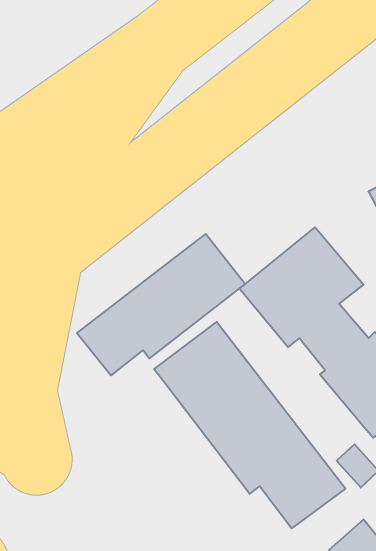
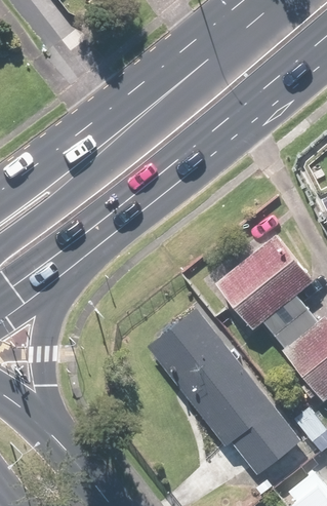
building: [77,234,245,375] -> none

